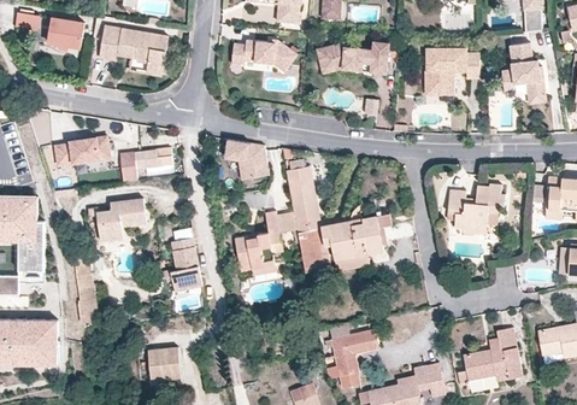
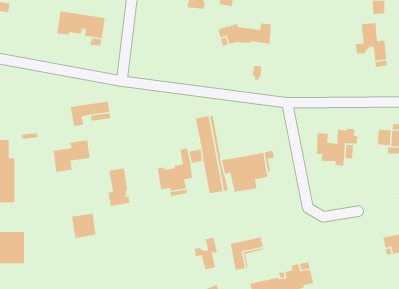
building: [48,17,83,48] -> none
building: [229,39,295,72] -> none
building: [423,46,478,93] -> none
building: [53,136,108,165] -> none
building: [225,140,269,178] -> none
building: [464,327,522,381] -> none
building: none -> [194,237,218,270]
building: [146,346,179,381] -> [71,213,96,239]

